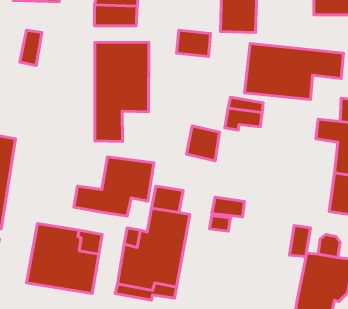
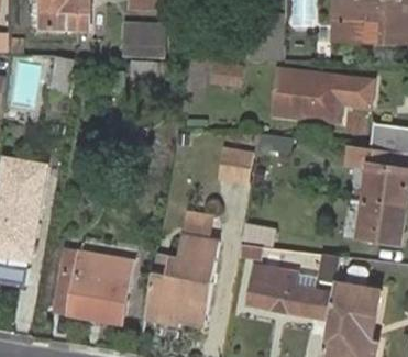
building: [95,42,149,141] -> none
building: [74,157,154,216] -> none
building: none -> [249,266,315,315]

